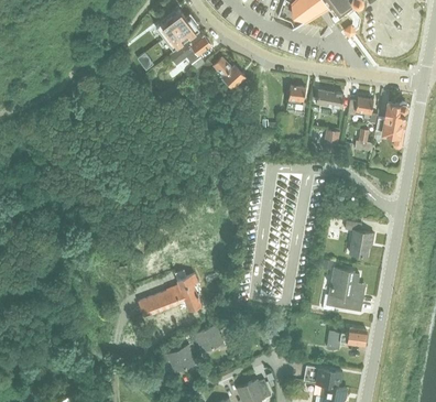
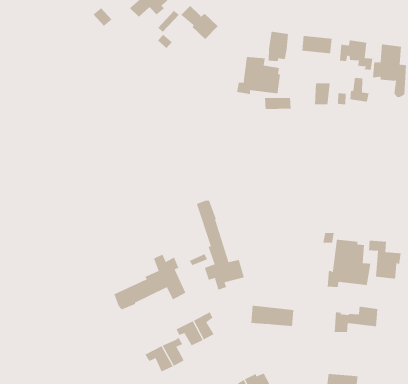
building: none -> [236,56,281,95]
building: [346,219,374,254] -> [368,240,401,279]
building: none -> [196,200,244,290]
building: [304,365,342,385] -> [251,305,294,327]

